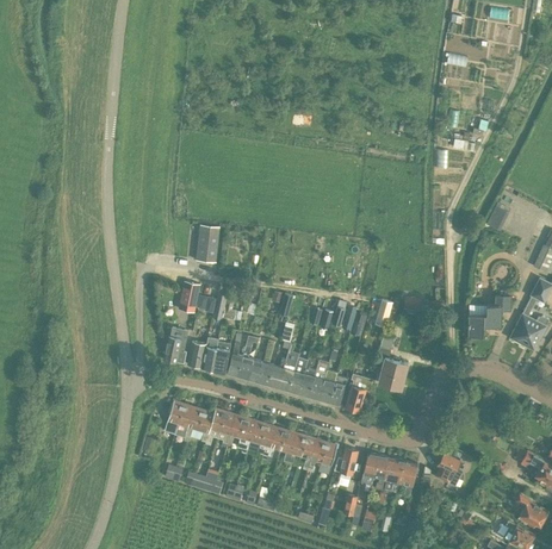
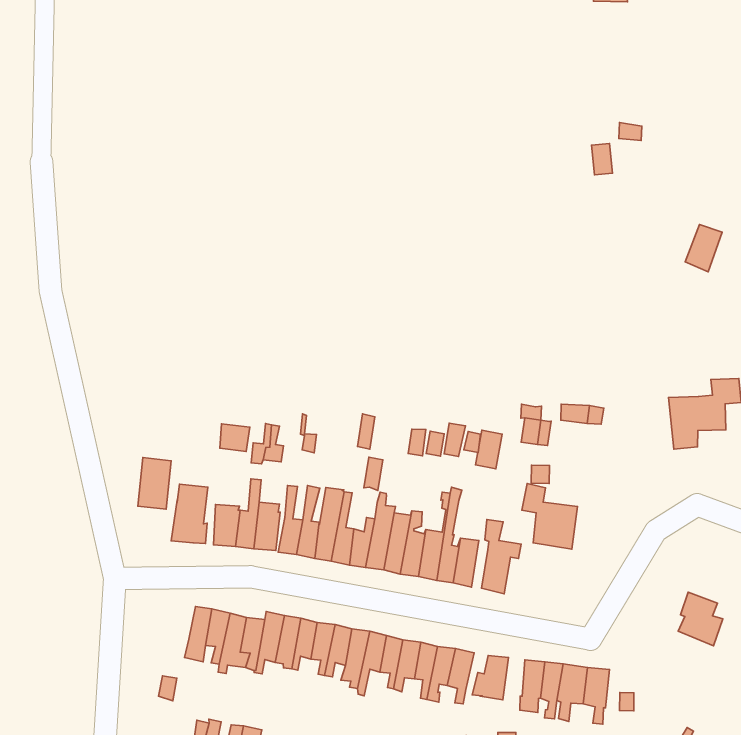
building: [196,225,219,263] -> none
building: [178,281,200,313] -> [138,458,171,509]
building: [435,453,463,486] -> [678,592,723,646]

